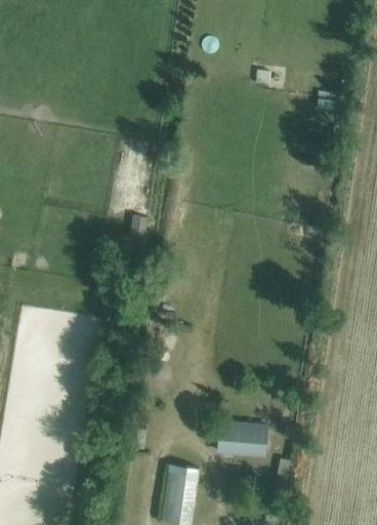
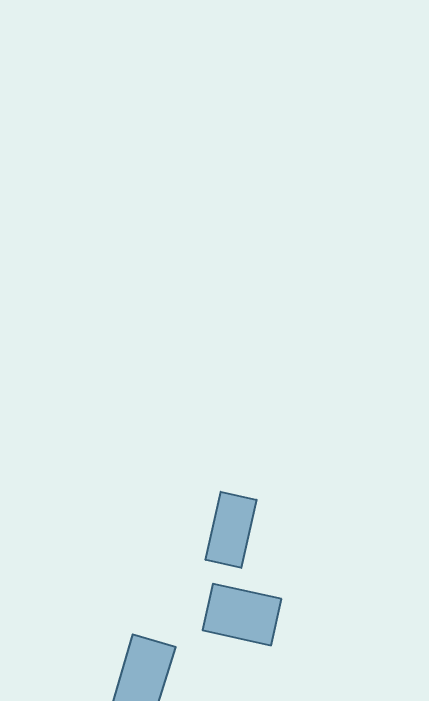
building: none -> [206,492,257,568]

